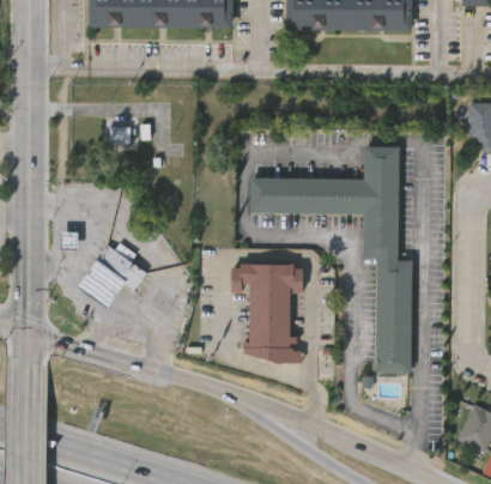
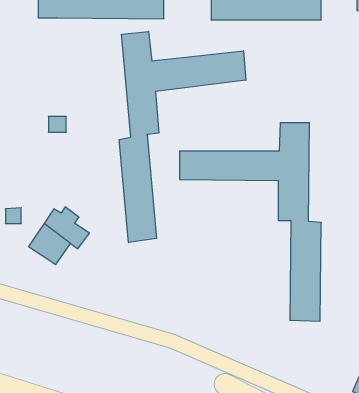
building: none -> [119,31,246,243]
building: [230,264,302,364] -> none

